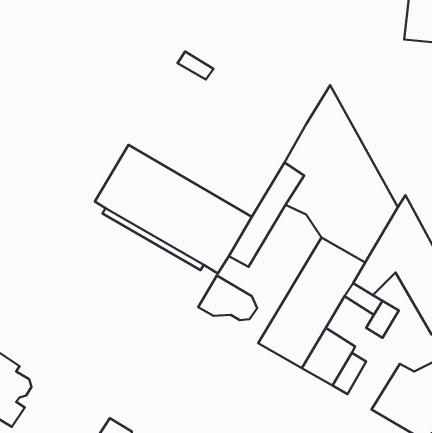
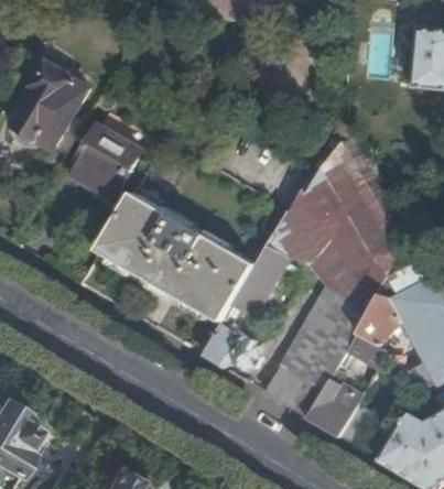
building: none -> [14,62,87,146]
building: none -> [69,123,140,197]

